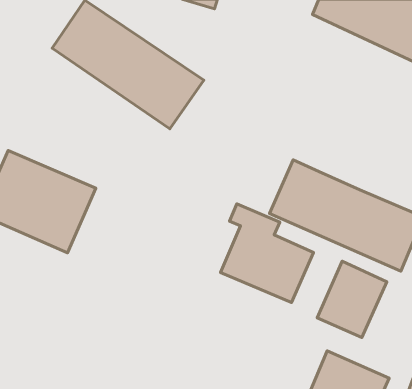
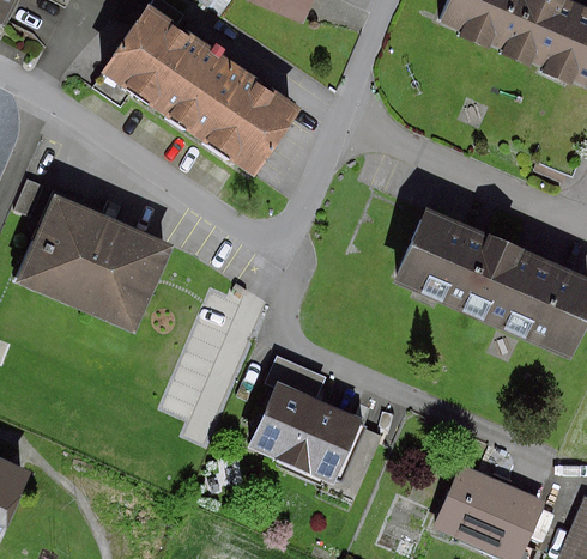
building: [220,204,314,303] -> [255,354,377,484]
building: [317,261,387,337] -> none

